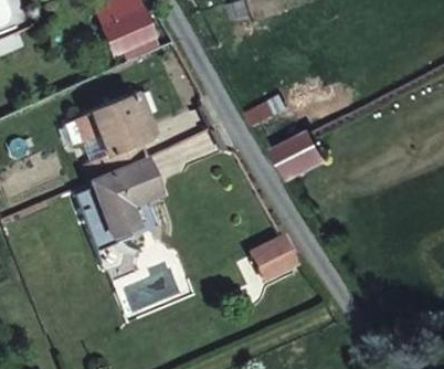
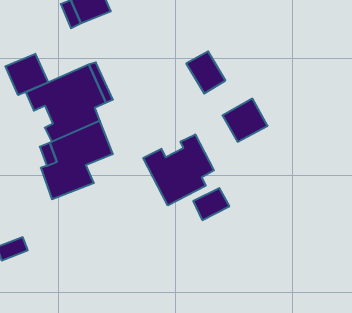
building: none -> [5,54,48,95]
building: none -> [143,134,214,205]

